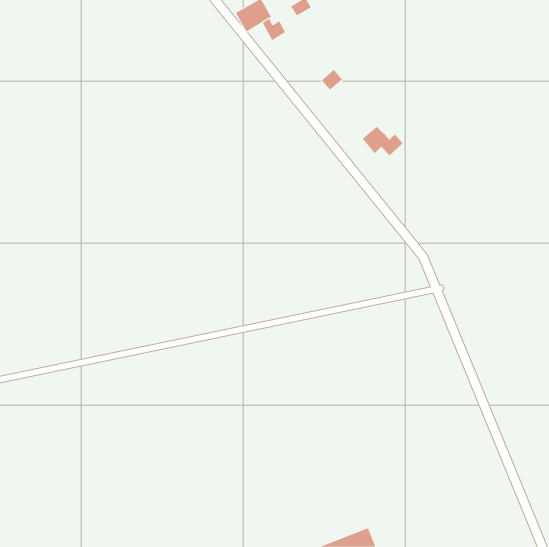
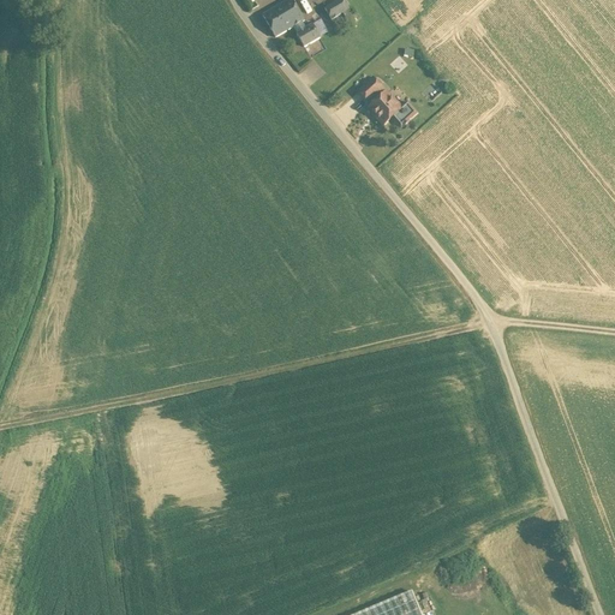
building: [362,126,404,156] -> [370,92,417,126]

